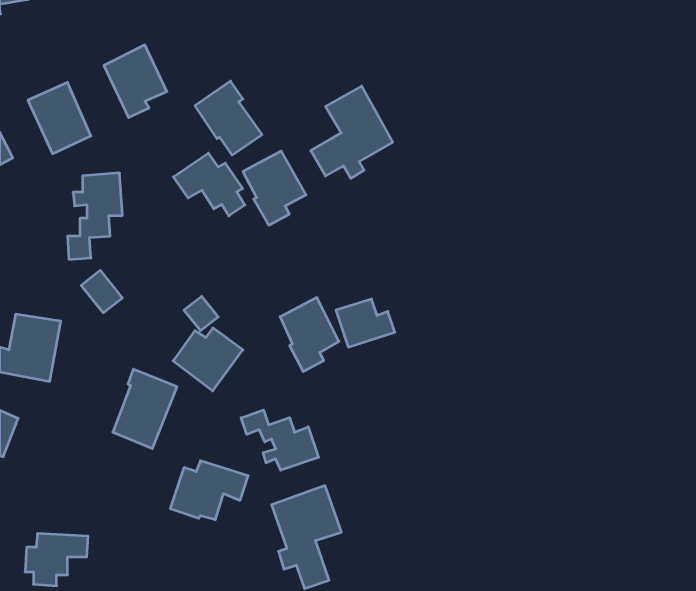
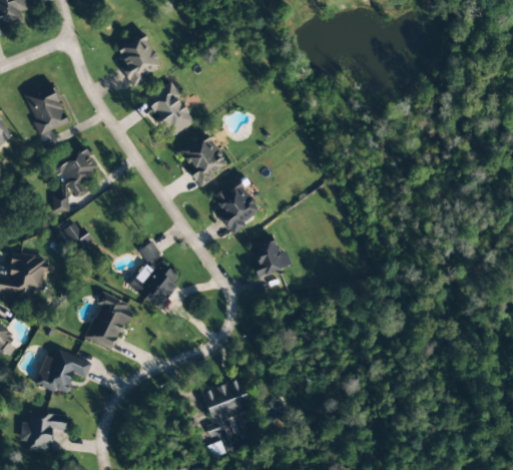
building: [104,45,167,118] -> [115,33,161,86]
building: [311,86,393,178] -> none
building: [173,153,245,216] -> none
building: [280,298,339,372] -> [214,180,258,234]
building: [241,410,319,470] -> none
building: [170,461,248,520] -> [35,350,92,393]

